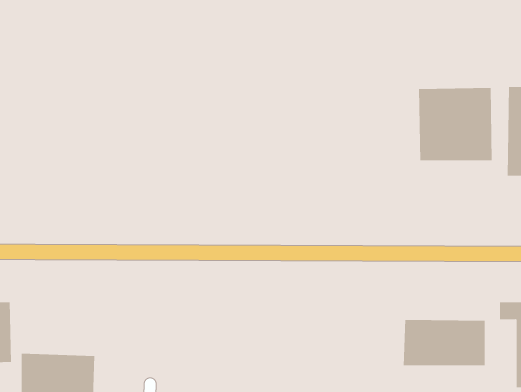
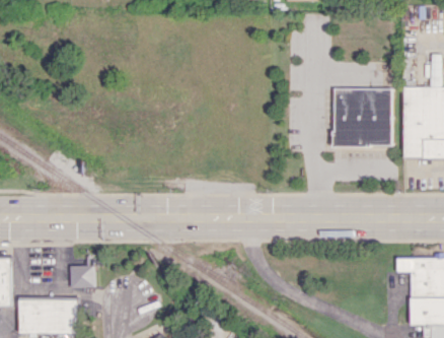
building: none -> [70,264,97,286]
building: [403,319,485,366] -> none

